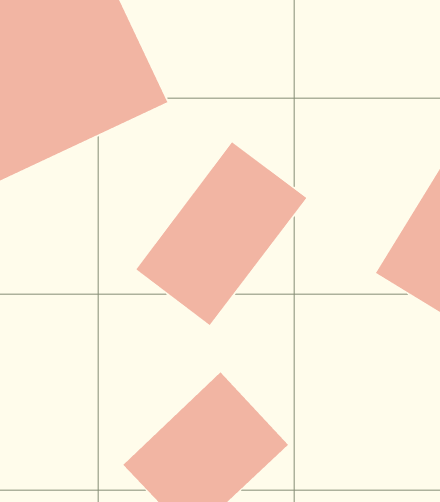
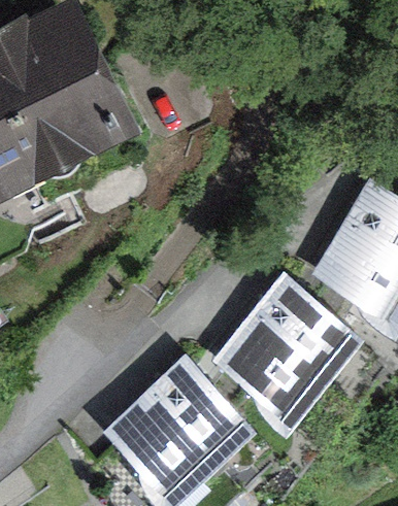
building: [135,141,308,326] -> none
building: none -> [211,271,349,413]

